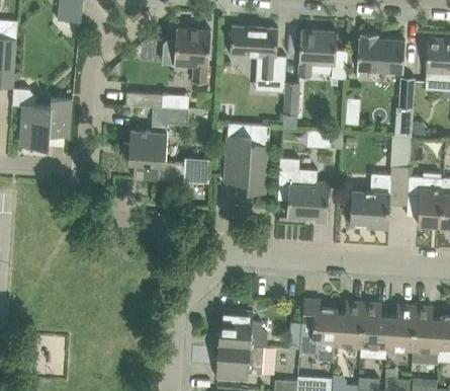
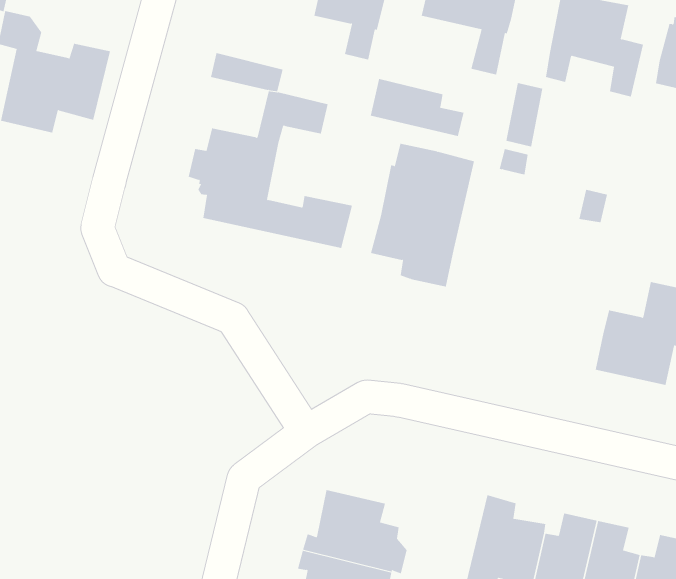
building: none -> [370,78,464,137]
building: [279,170,330,223] -> none

